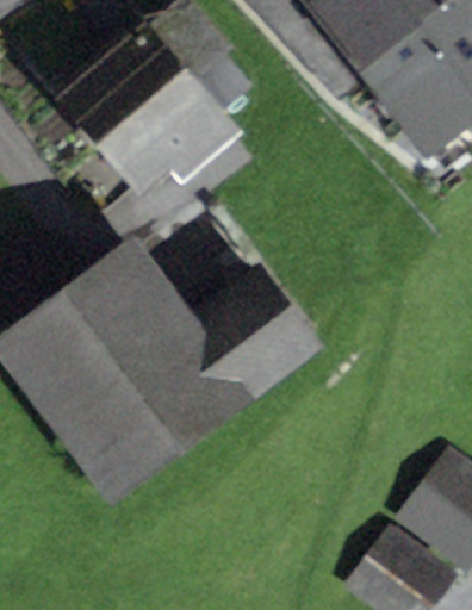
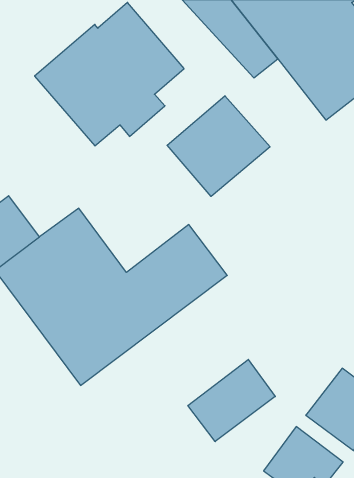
building: none -> [167,96,270,196]
building: none -> [188,359,275,442]

